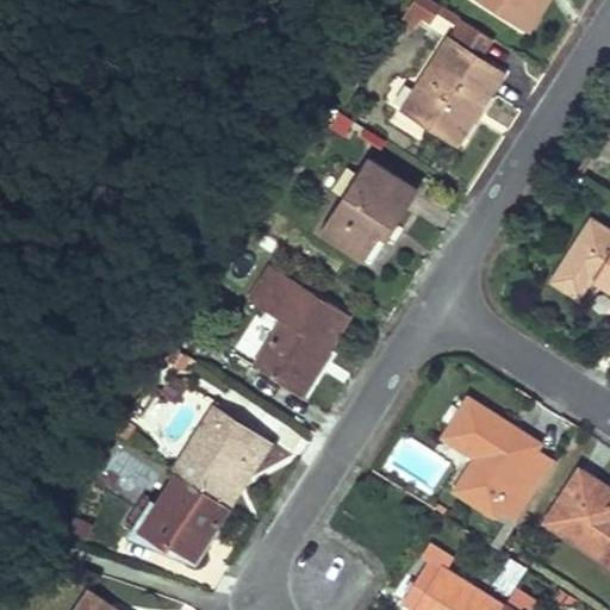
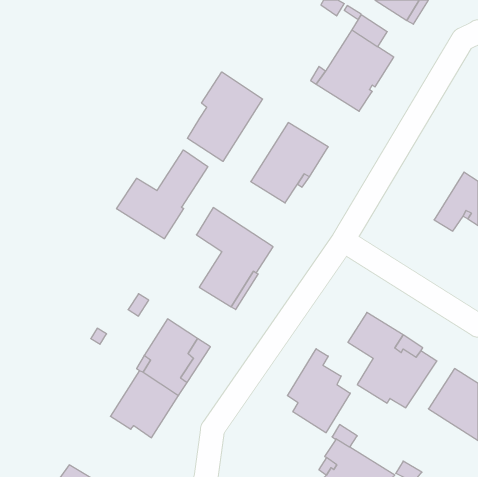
building: none -> [187,72,263,161]
building: none -> [117,150,208,239]
building: none -> [287,349,350,433]

